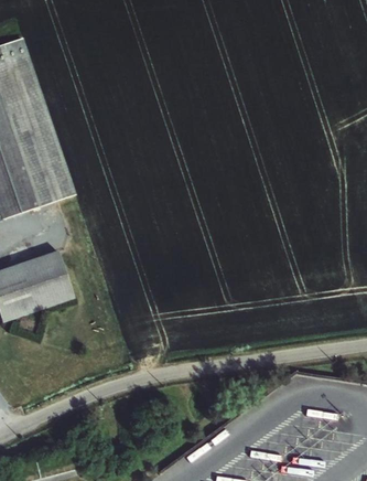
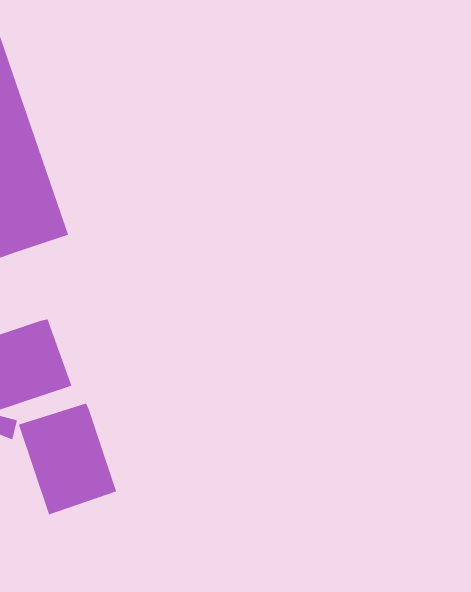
building: none -> [18,403,117,515]

